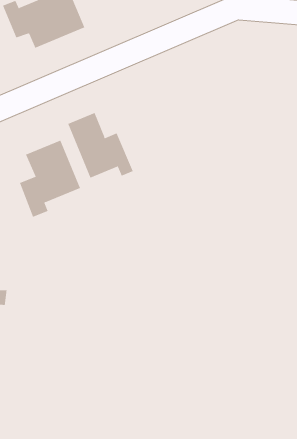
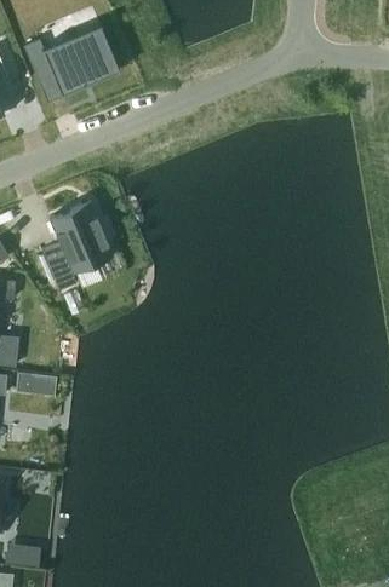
building: [68,112,133,178] -> none

